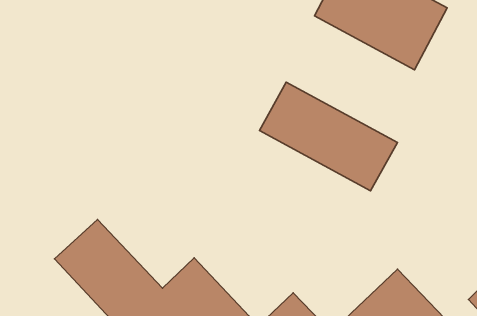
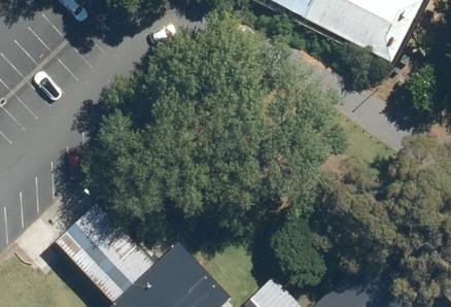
building: [259,82,398,191] -> none

